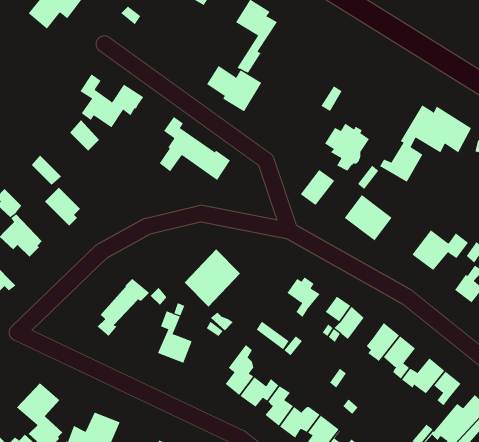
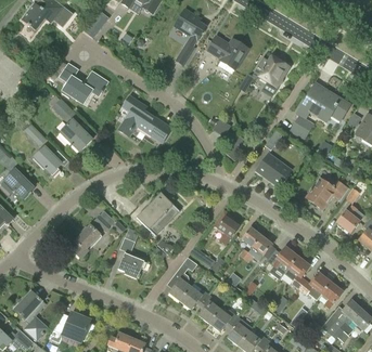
building: [206,65,262,112] -> [206,35,247,69]
building: [324,123,370,171] -> [255,54,288,90]
building: none -> [61,119,92,151]

